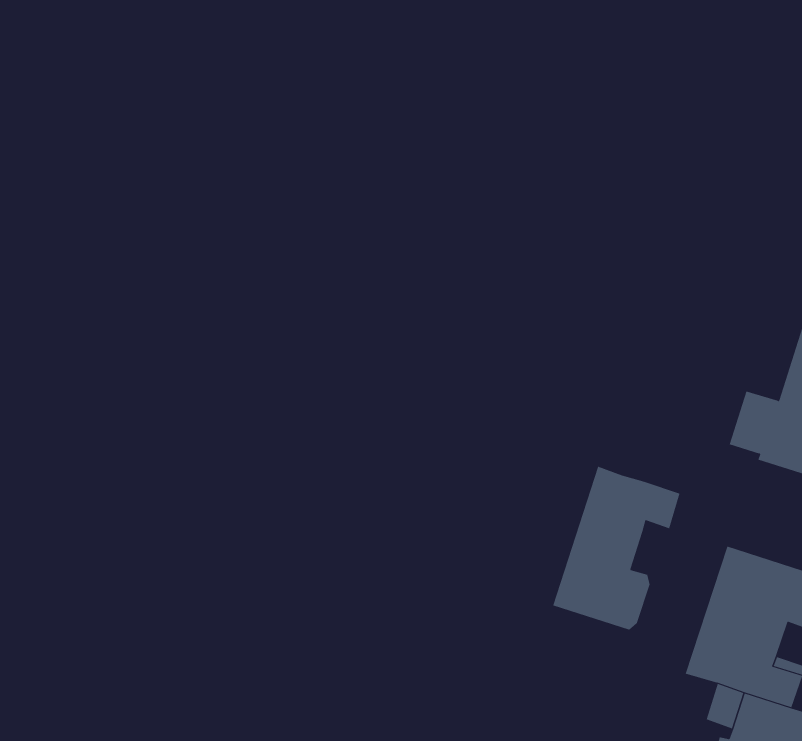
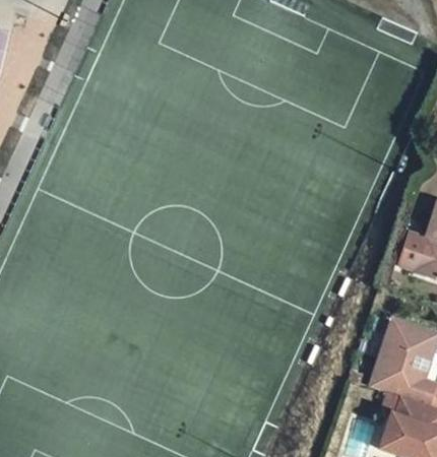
building: [553,466,680,631] -> none

